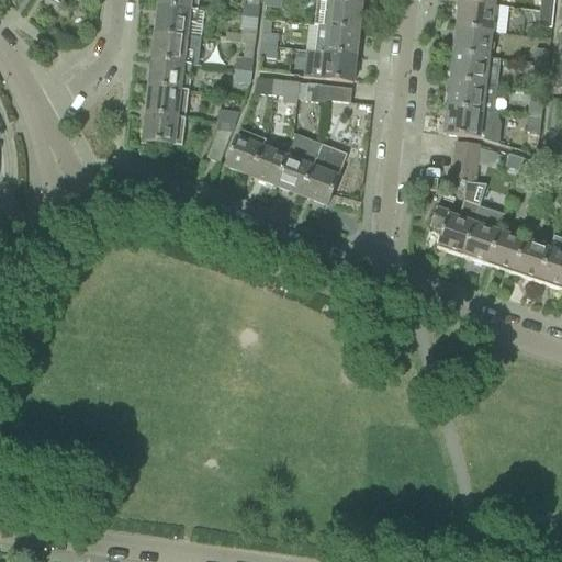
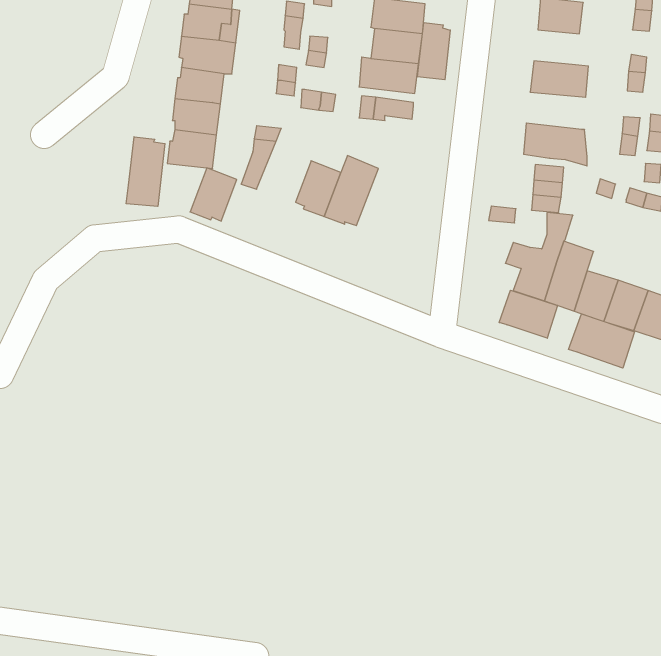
building: none -> [418,23,450,80]
building: [453,25,492,55] -> none
building: [447,78,497,110] -> none
building: none -> [126,137,165,206]
building: [225,126,265,171] -> [190,168,237,221]
building: [303,143,347,203] -> none
building: none -> [499,290,558,338]
building: none -> [569,314,635,368]

